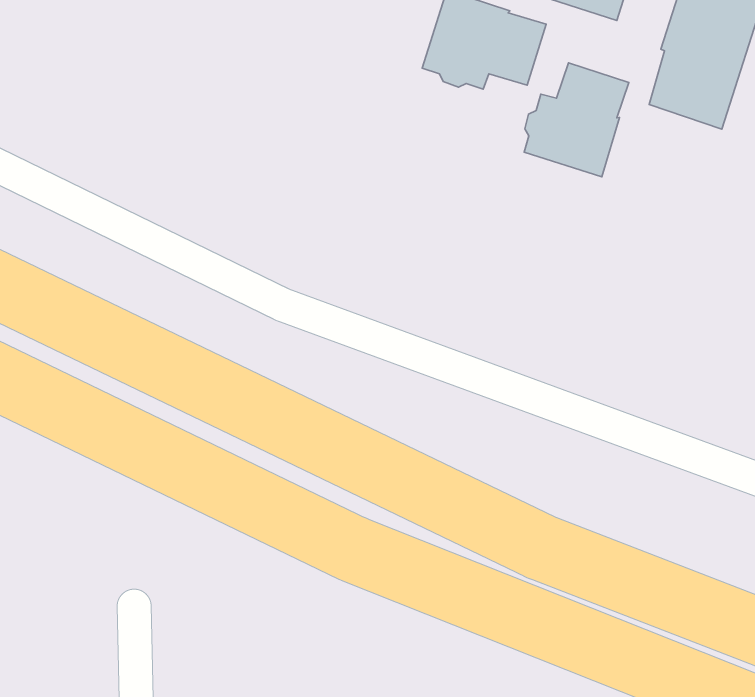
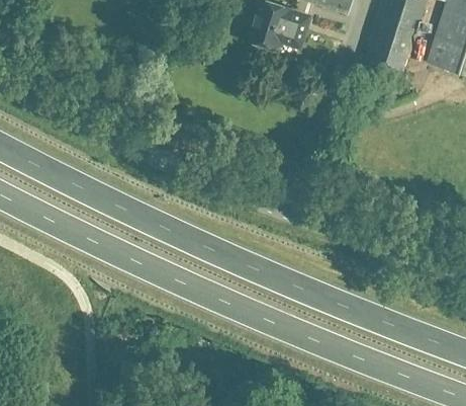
building: [524,63,629,177] -> none

